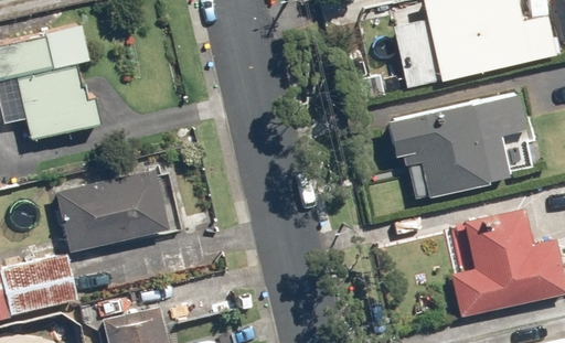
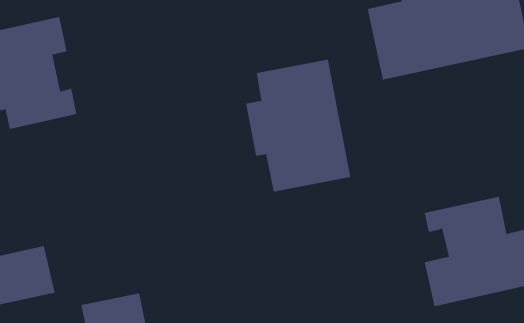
building: none -> [245,59,351,192]
building: [385,93,531,197] -> none
building: [55,169,175,250] -> none

